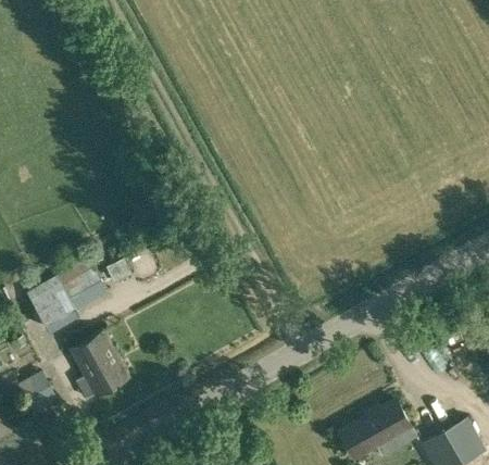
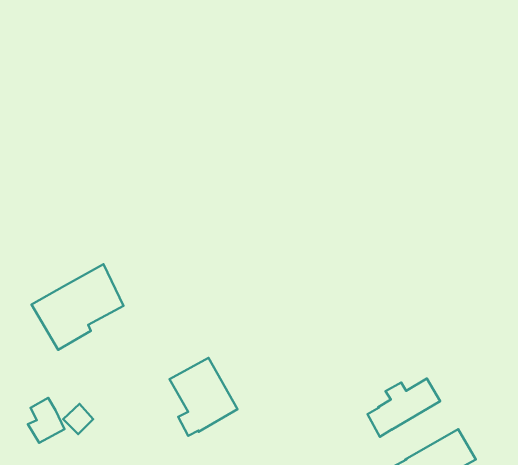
building: [71,334,129,401] -> [169,358,237,436]
building: none -> [367,378,440,437]

